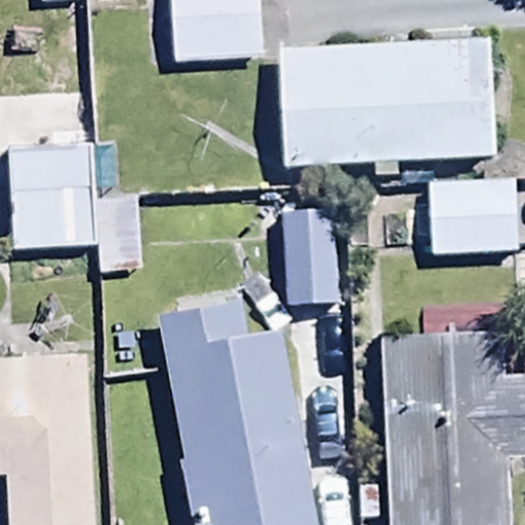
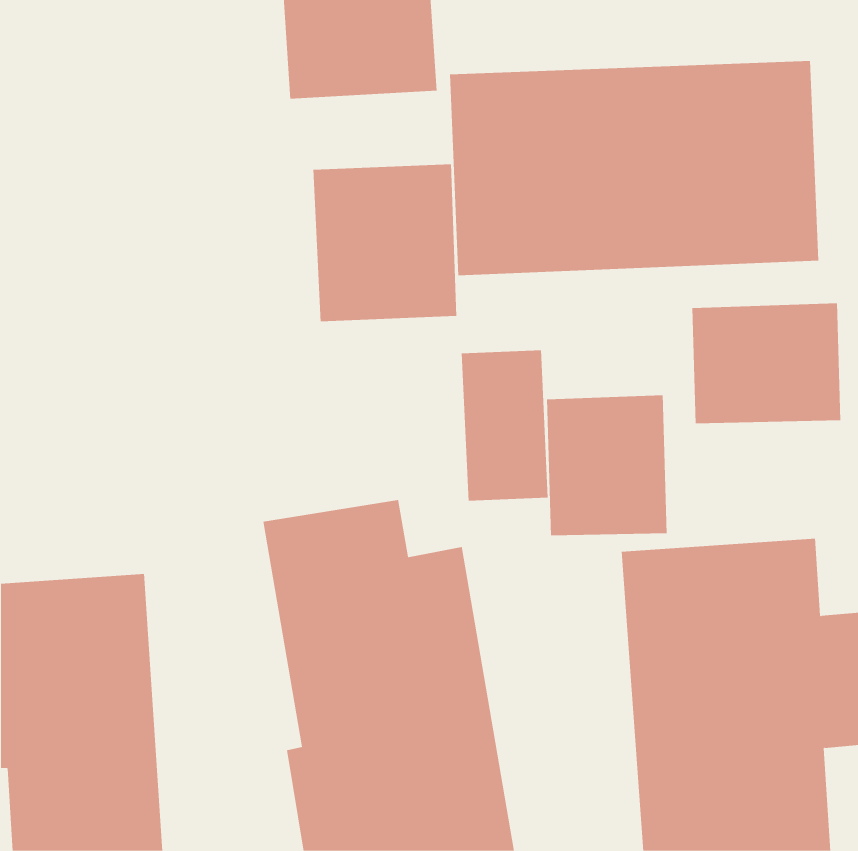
building: none -> [313,163,457,322]
building: [7,144,137,271] -> none
building: none -> [546,394,667,536]

